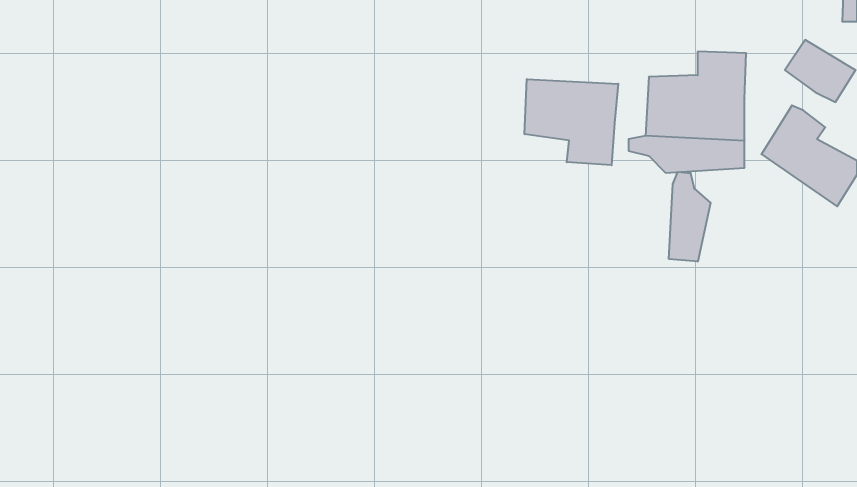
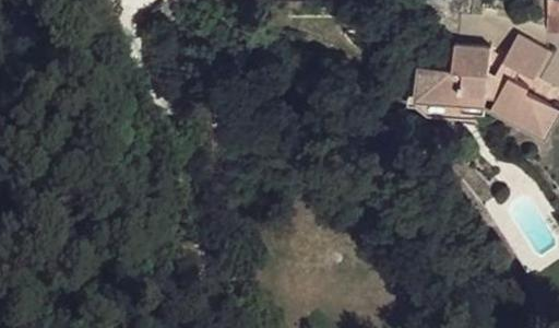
building: [525,79,618,165] -> none
building: [669,172,711,262] -> none

